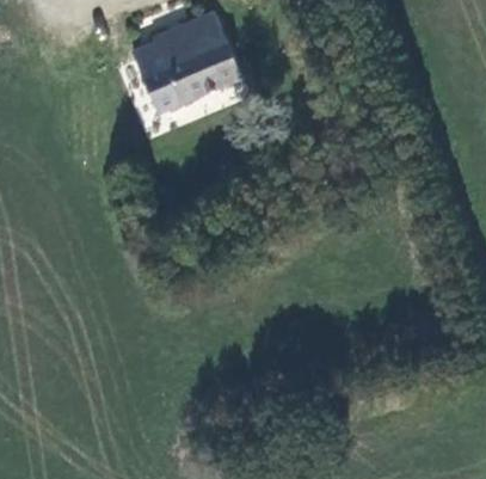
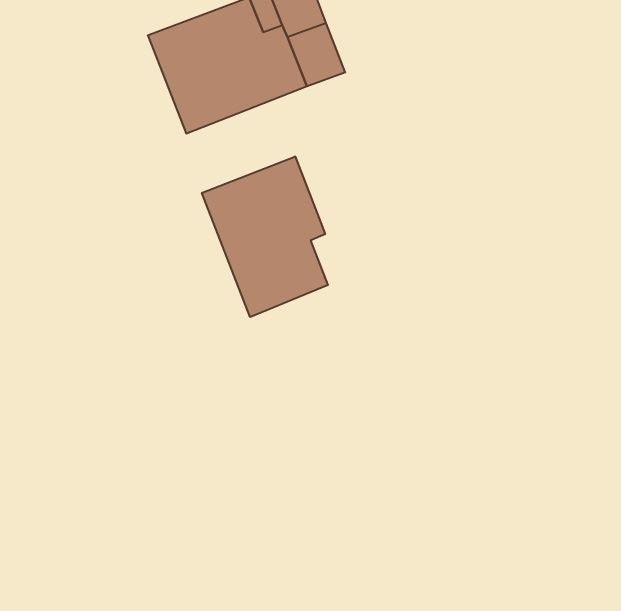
building: none -> [202,156,328,317]

